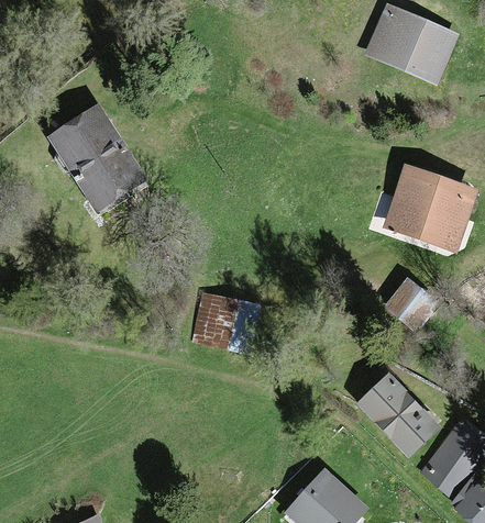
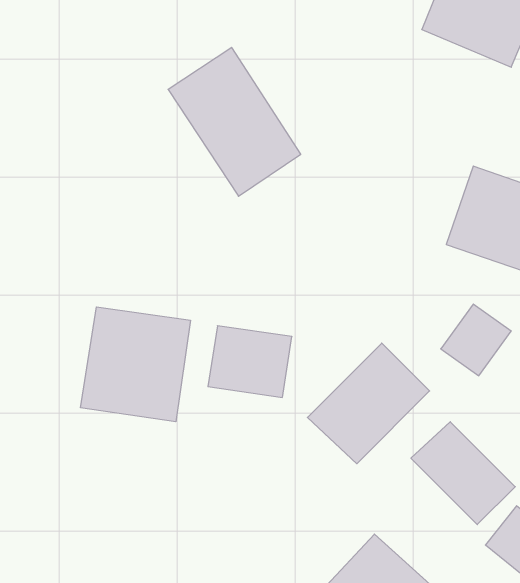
building: [46,103,154,224] -> [168,47,301,196]
building: none -> [81,307,190,422]
building: none -> [307,343,430,464]

